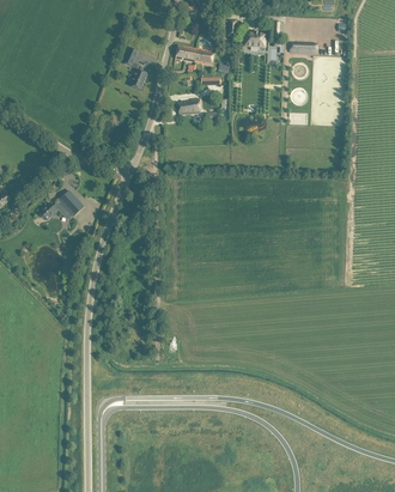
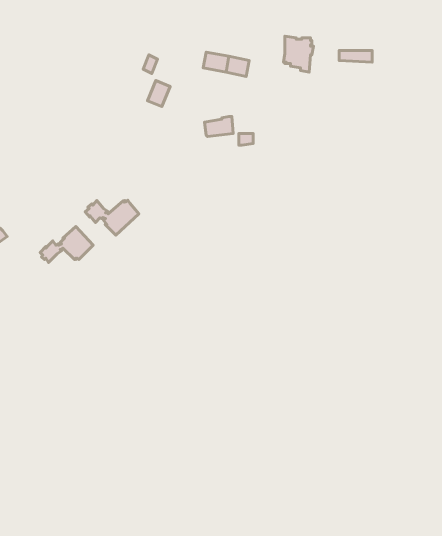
building: none -> [85,200,139,235]

